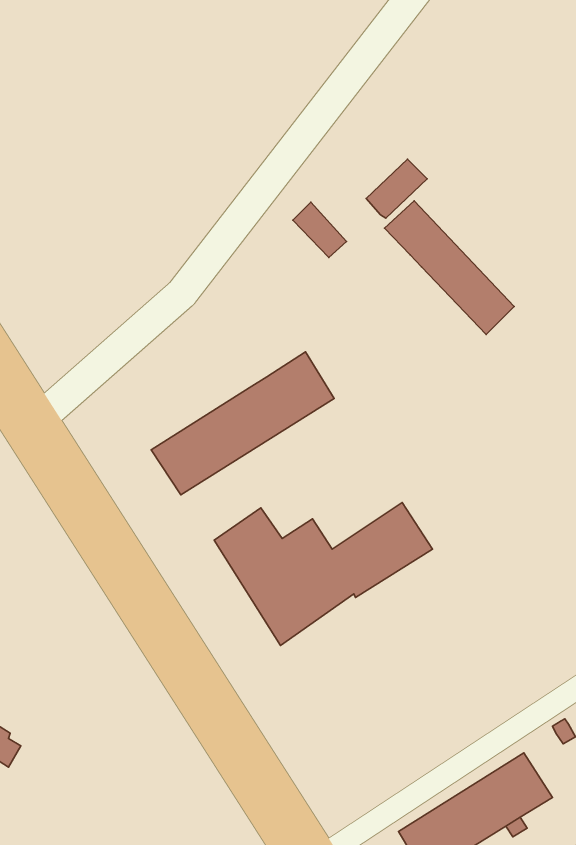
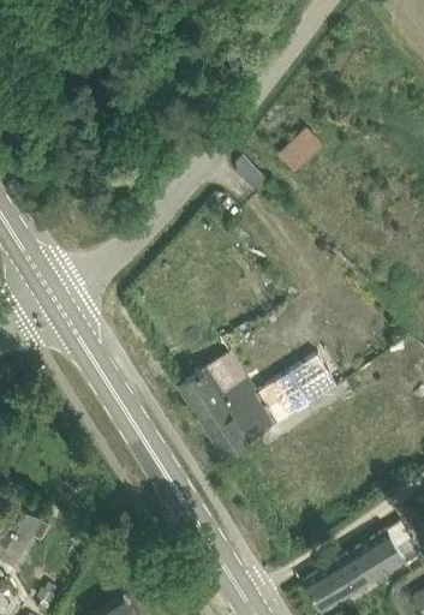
building: [384,201,514,334] -> none
building: [151,352,334,495] -> none

